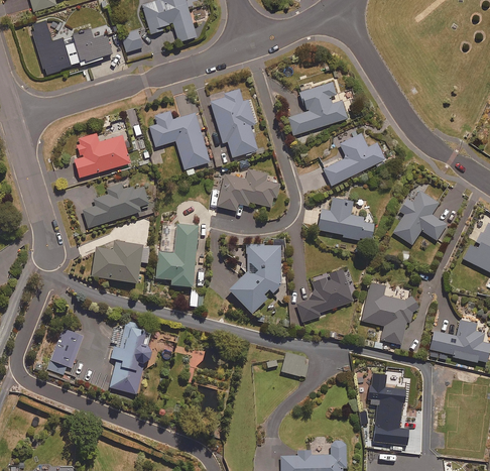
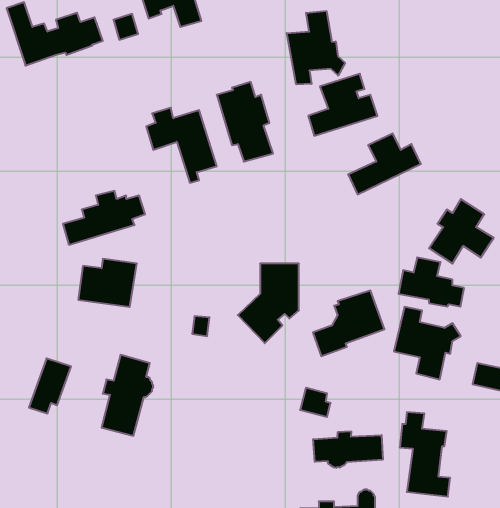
building: none -> [287,11,345,84]
building: [74,133,130,178] -> none
building: [210,169,280,211] -> none
building: [317,198,373,240] -> [398,257,464,307]
building: [155,222,198,286] -> none
building: none -> [313,431,383,468]

